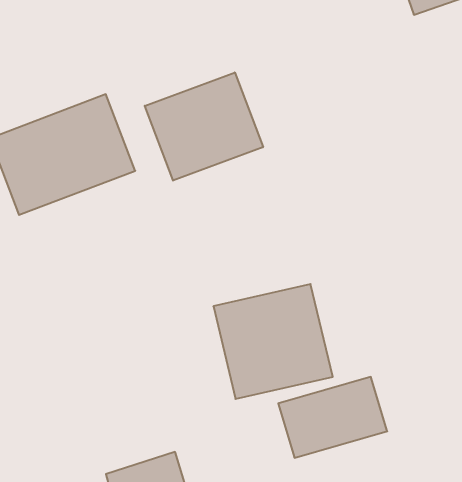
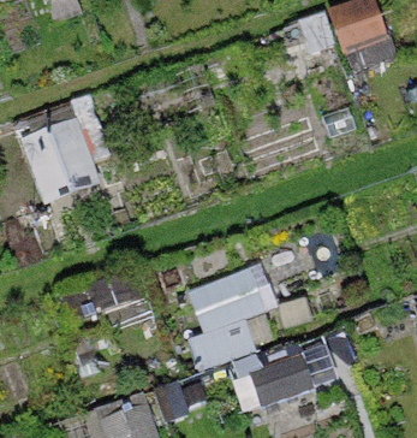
building: [145,72,263,181] -> none

